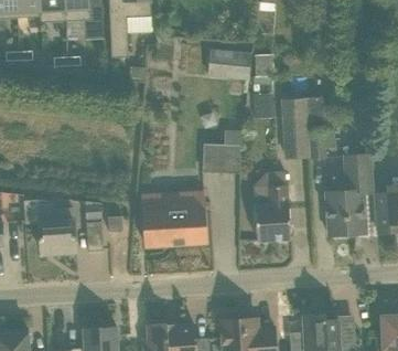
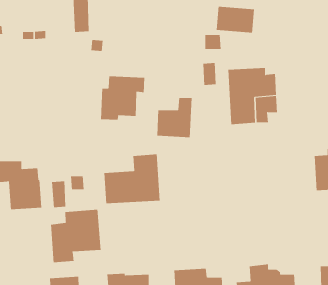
building: [208,47,251,77] -> [216,6,255,33]
building: none -> [100,75,145,121]
building: [325,151,373,234] -> none
building: [254,169,291,238] -> none
building: none -> [50,209,101,263]

